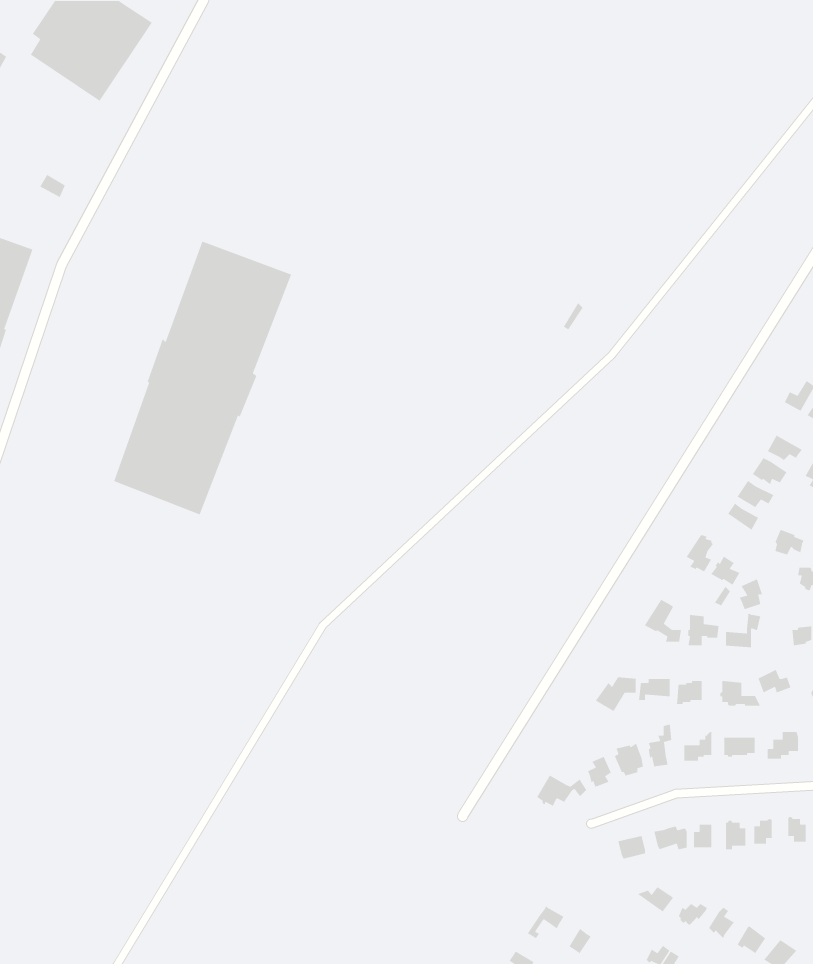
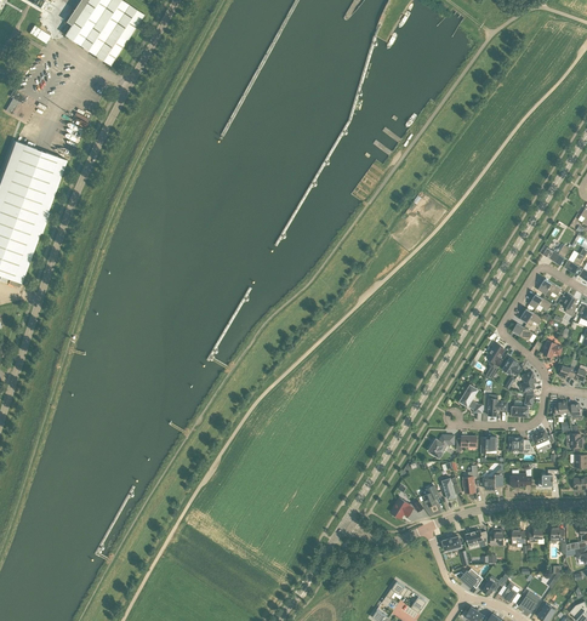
building: [113,240,292,515] -> none

